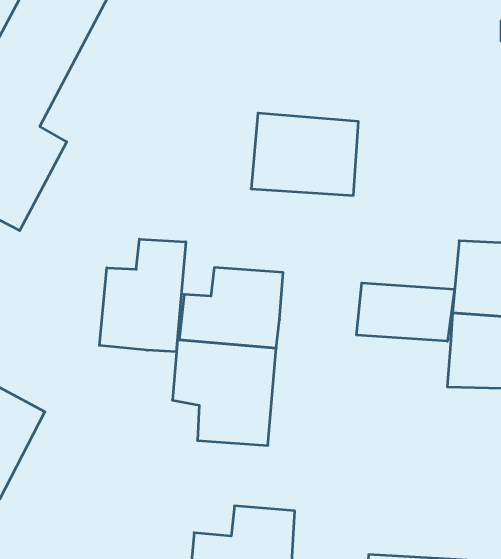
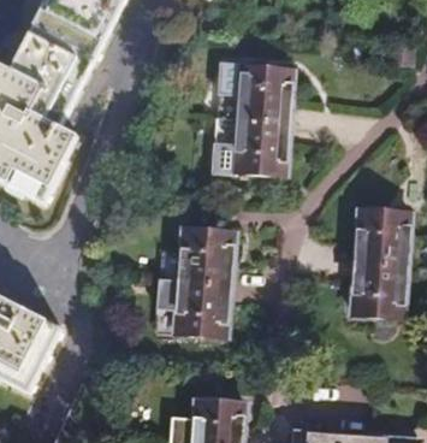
building: none -> [215,64,292,120]
building: [99,239,186,352] -> none
building: [357,283,455,341] -> none

